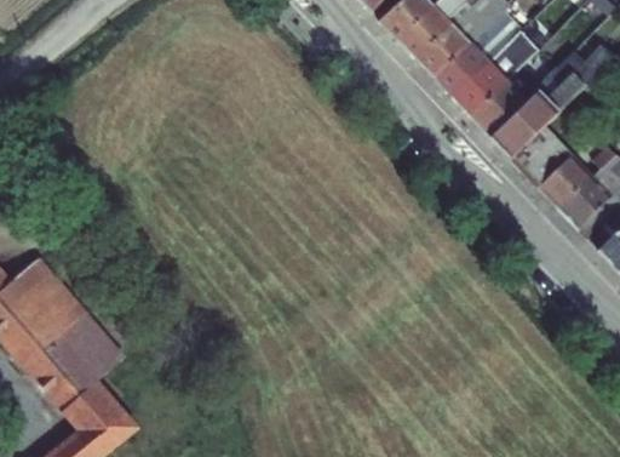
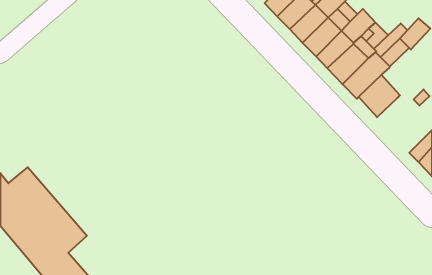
building: [538,156,609,228] -> none

